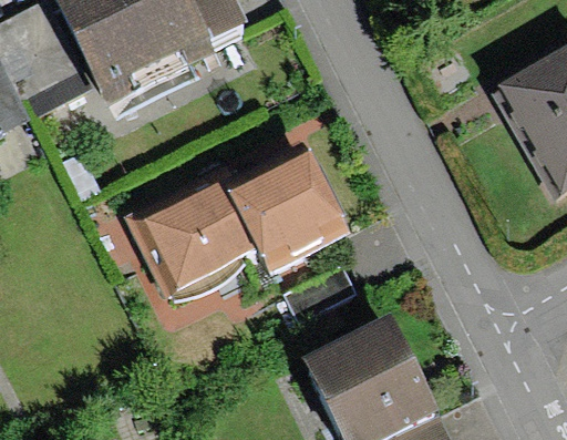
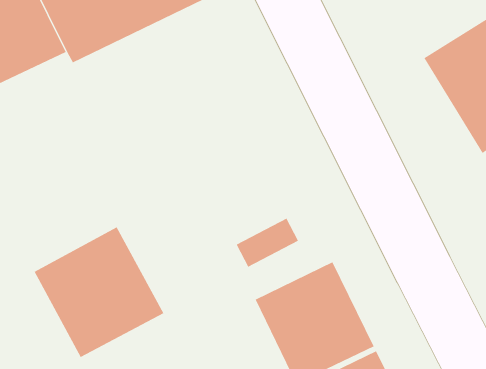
building: [126,150,353,296] -> none
building: none -> [34,226,164,358]

